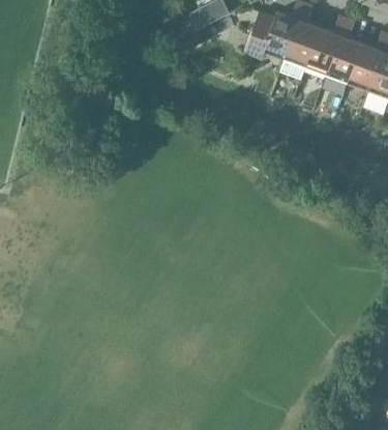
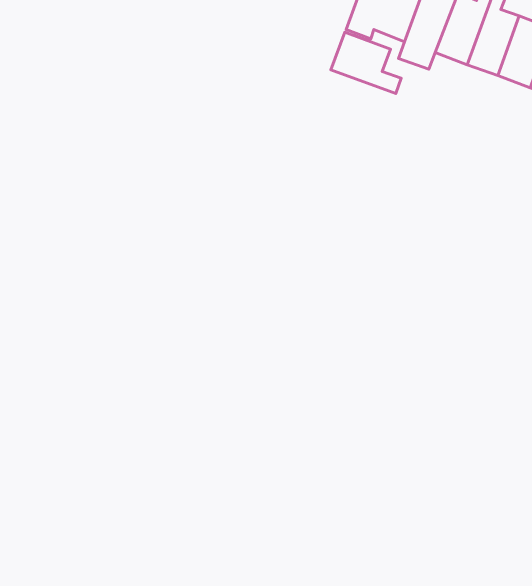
building: none -> [331,32,401,93]

